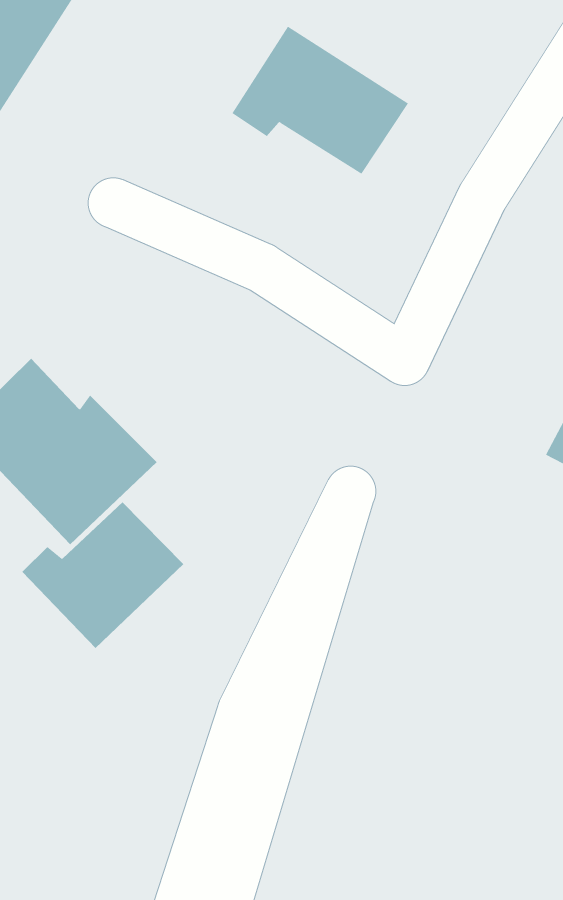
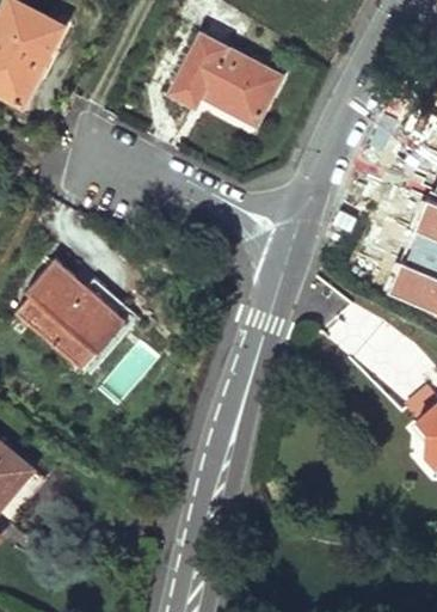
building: [22,501,184,649] -> none

